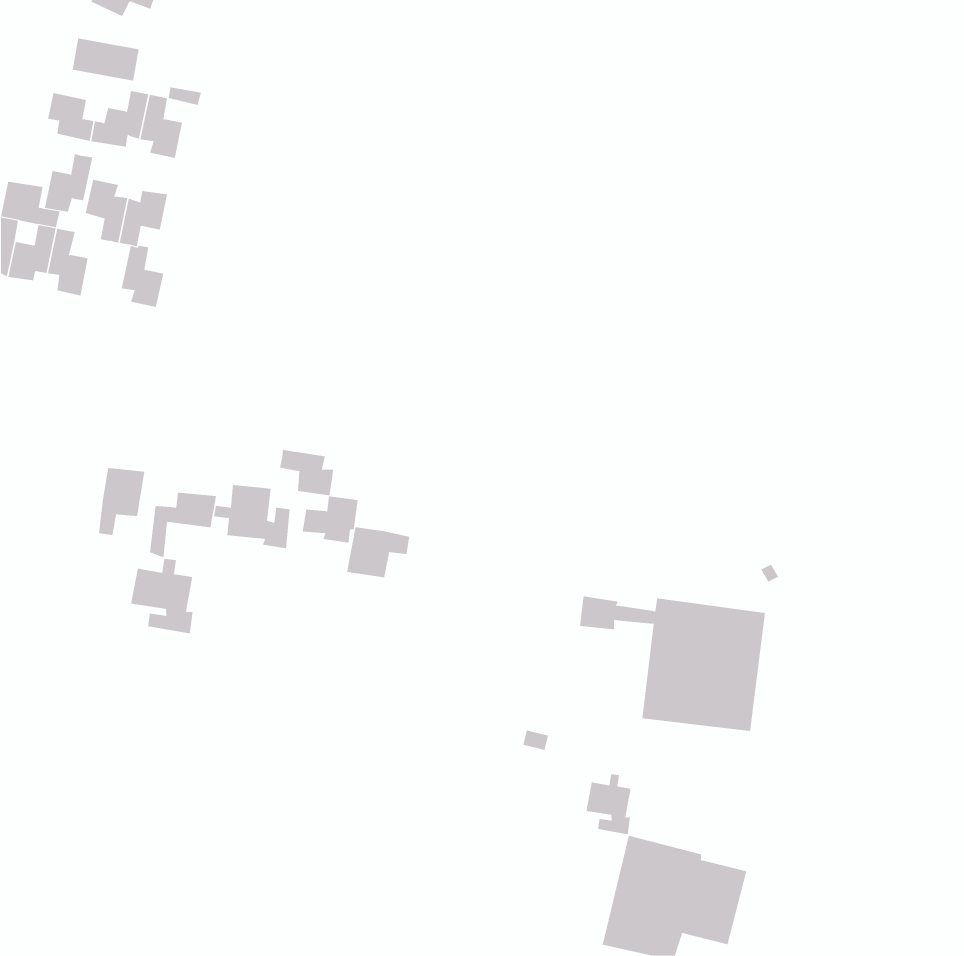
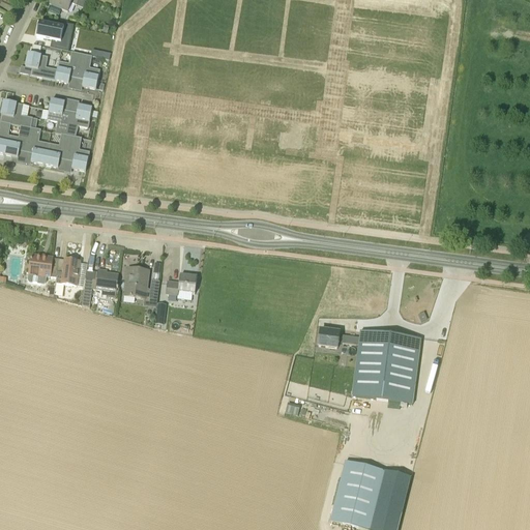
building: [44,154,93,212] -> [45,132,71,165]
building: [280,449,334,496] -> none
building: none -> [28,253,59,282]
building: [347,526,410,578] -> none
building: [131,558,193,634] -> none
building: [586,773,631,835] -> none

